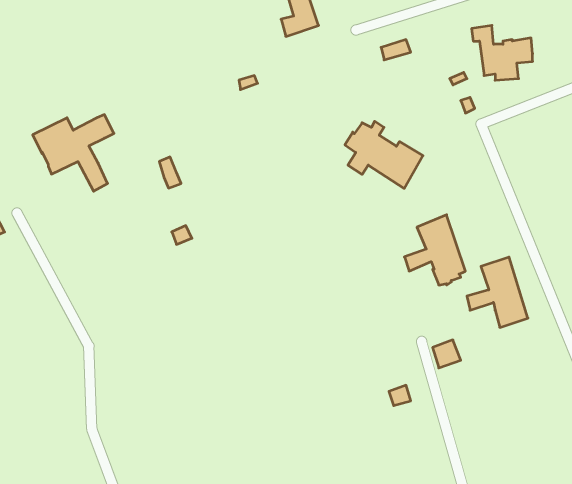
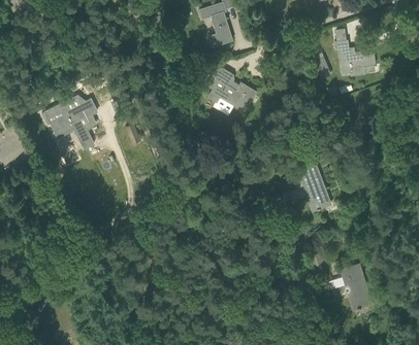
building: [345,121,423,188] -> [205,69,257,113]
building: [467,257,528,327] -> [332,264,373,310]

